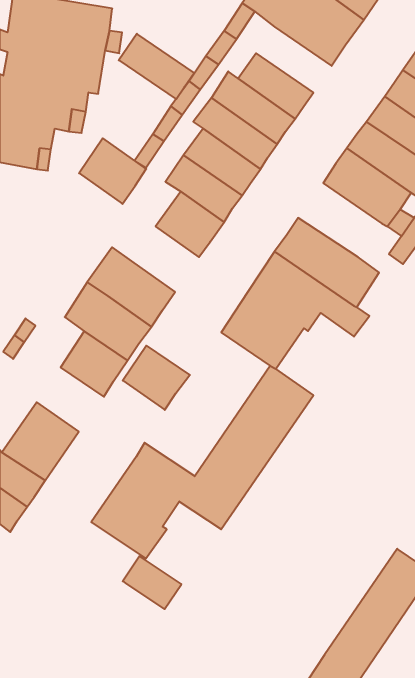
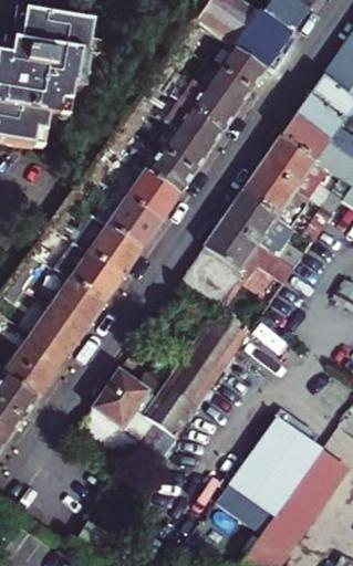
building: [119,34,194,99] -> [208,38,268,90]
building: [79,138,146,204] -> [110,196,163,248]
building: none -> [241,161,308,220]
building: [123,346,190,410] -> [34,307,87,358]
building: none -> [218,420,320,535]
building: [123,556,181,609] -> [134,413,180,455]

